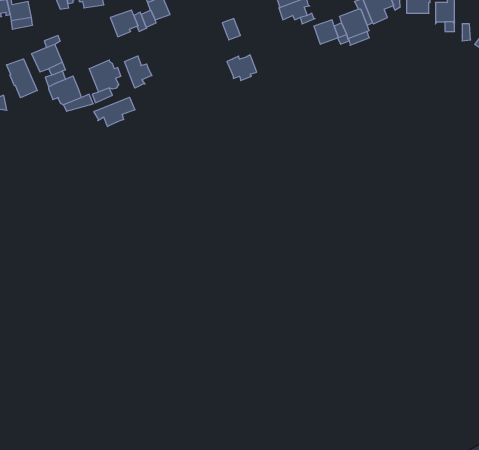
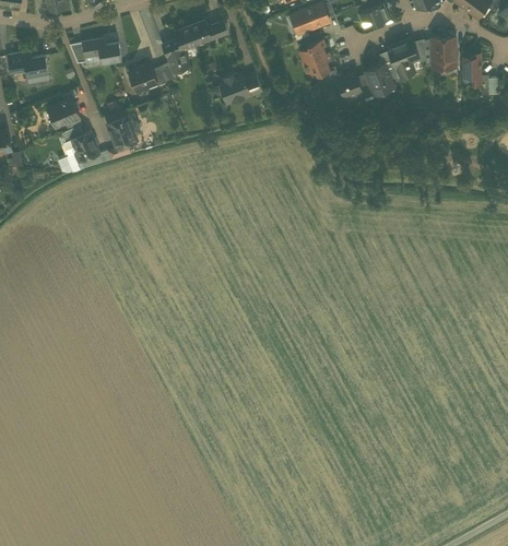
building: [227,55,257,81] -> [217,73,248,99]
building: [124,56,152,88] -> none
building: [7,59,37,98] -> none
building: [94,97,135,127] -> none

